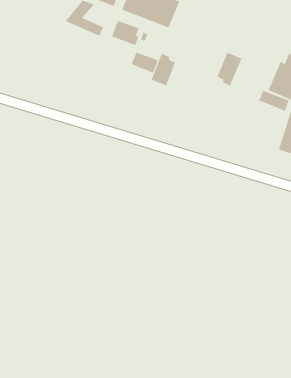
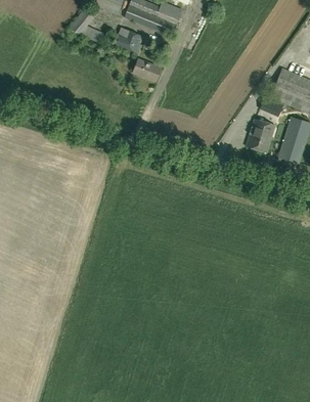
building: [217,52,242,86] -> none
building: [151,53,176,86] -> none
building: none -> [242,118,272,151]

